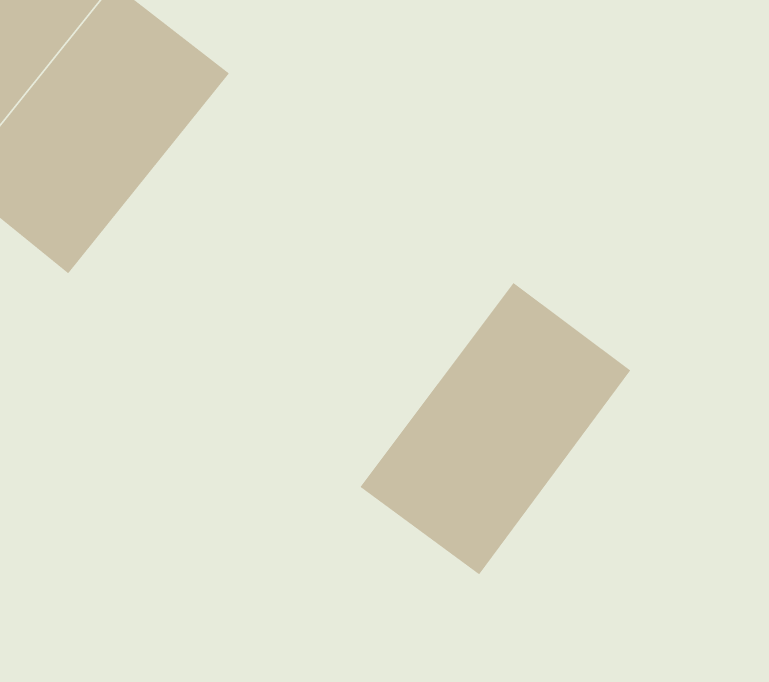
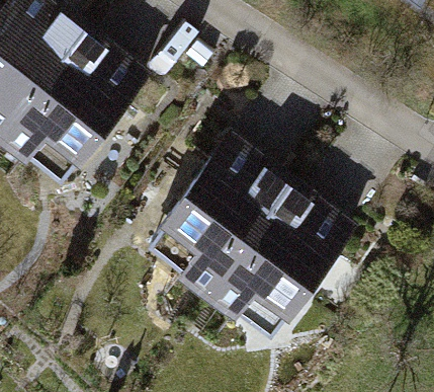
building: none -> [147,135,286,286]

